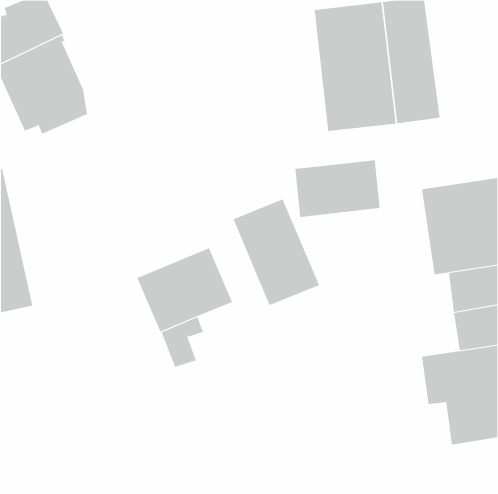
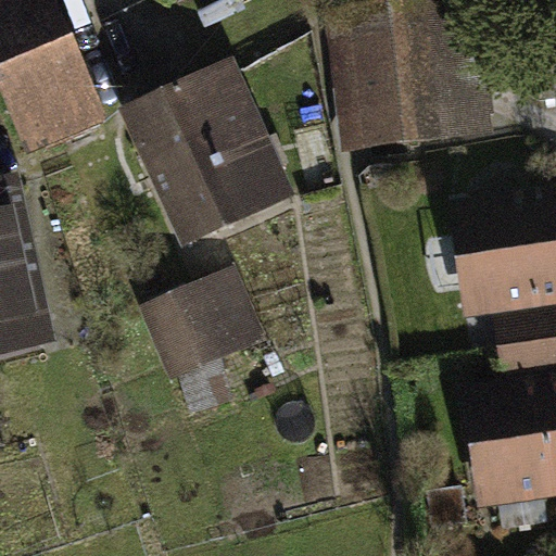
building: none -> [135,79,287,237]
building: [295,159,380,218] -> none
building: [233,198,320,306] -> none

